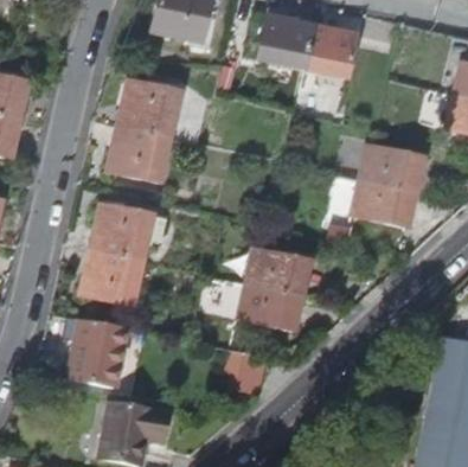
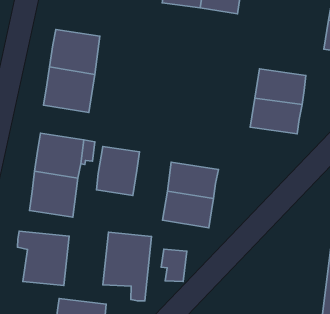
building: none -> [96,146,140,195]
building: none -> [103,232,151,301]

